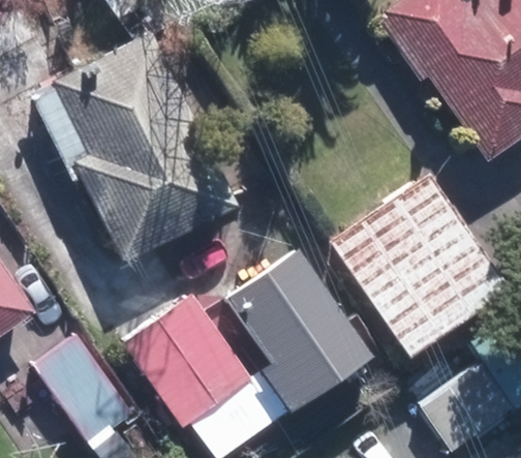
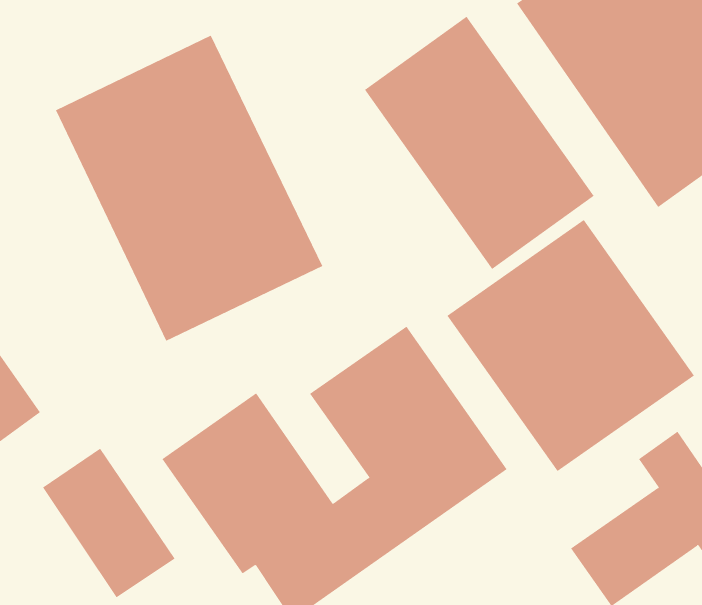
building: none -> [364,16,594,270]

